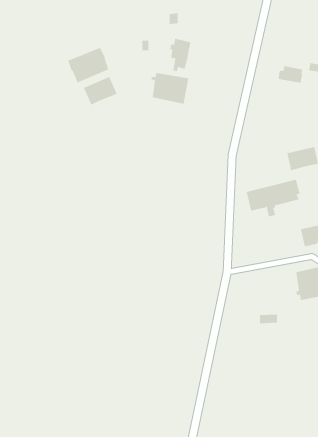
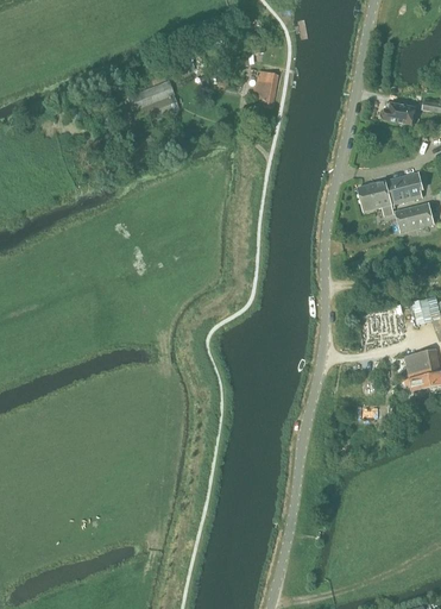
building: [151,72,189,105] -> none
building: [83,76,118,105] -> none
building: [246,179,300,217] -> [357,171,423,218]

